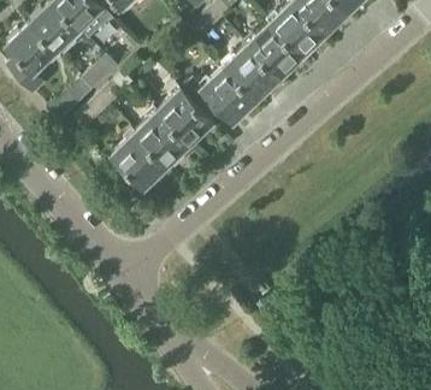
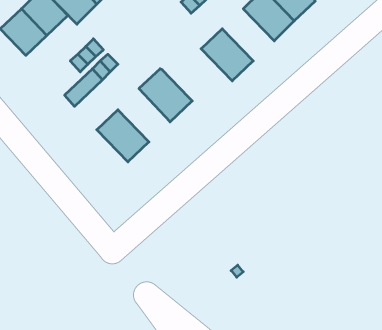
building: [247,23,303,79] -> none
building: [182,66,258,124] -> none
building: [134,110,190,167] -> none

